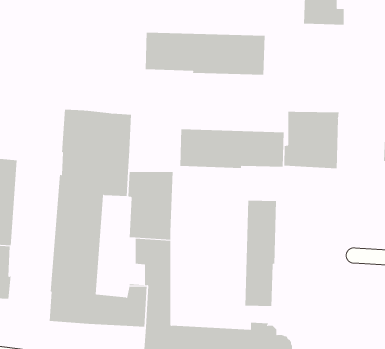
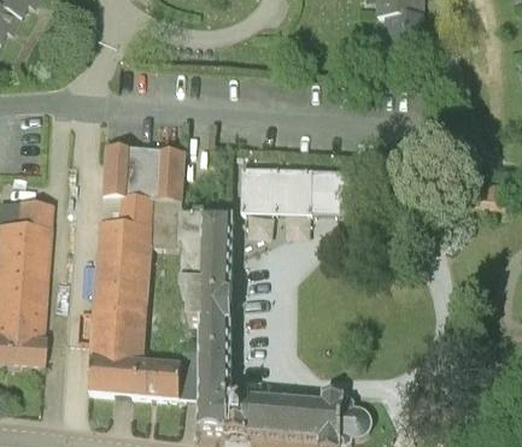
building: [145,32,265,75] -> none
building: [284,111,339,169] -> none
building: [245,200,277,307] -> none

